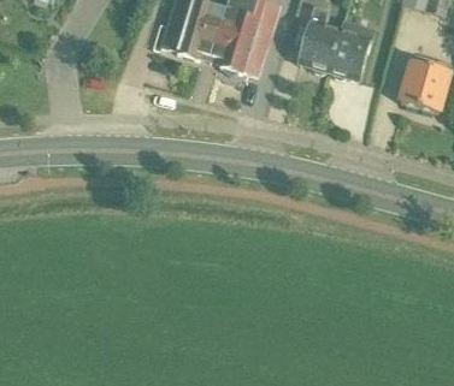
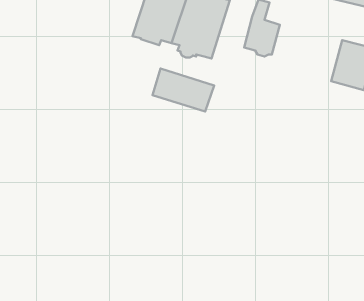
building: [330,24,373,77] -> none
building: none -> [153,68,214,112]

